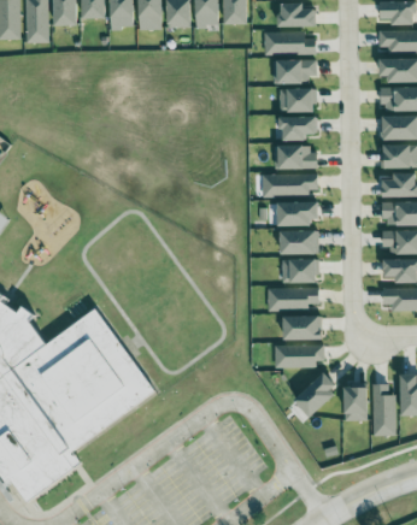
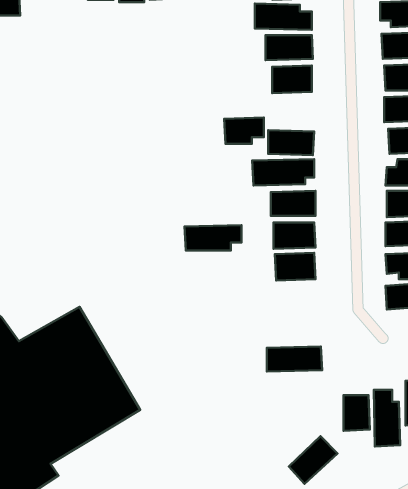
building: [280,117,316,141] -> [224,117,264,144]
building: [266,288,318,311] -> [185,225,241,250]
building: [283,317,322,341] -> none
building: [294,373,339,417] -> [289,436,338,484]

